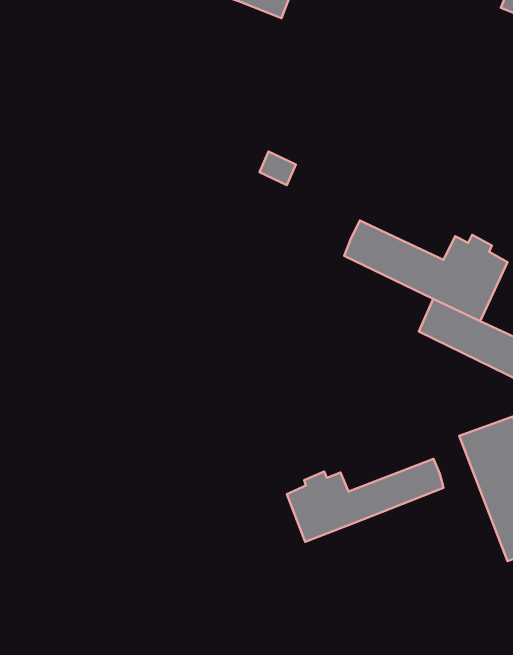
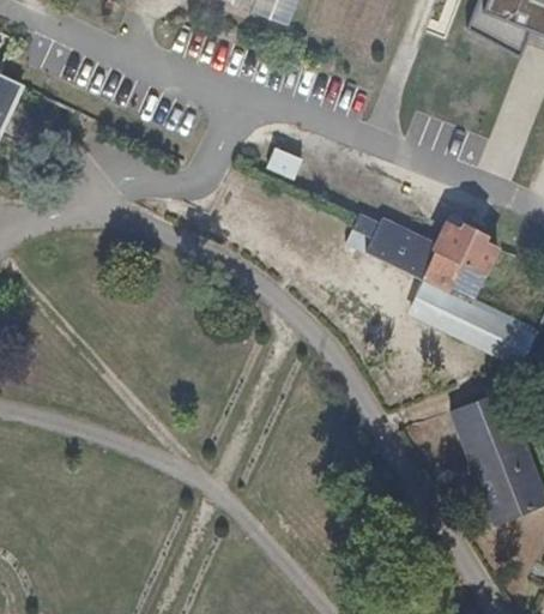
building: [287,459,444,542] -> none

